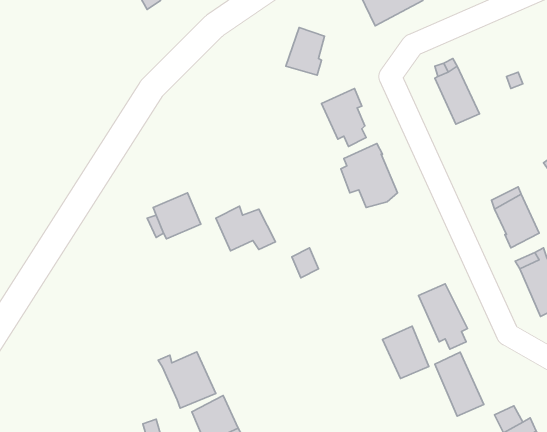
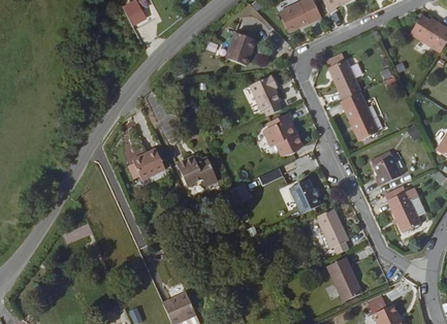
building: none -> [342,93,380,141]
building: [383,326,429,378] -> [288,180,320,216]
building: [158,352,216,408] -> none

